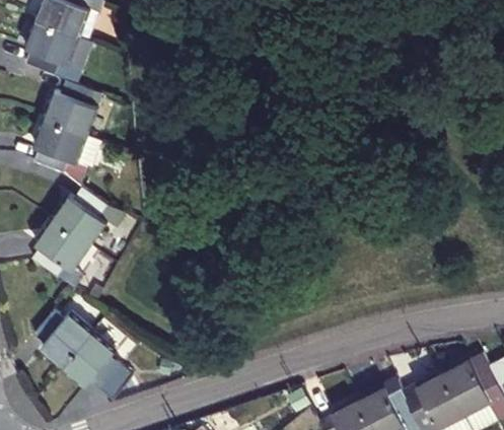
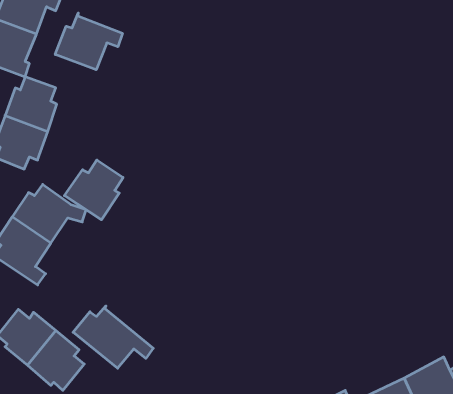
building: none -> [55,13,122,70]
building: none -> [64,160,123,220]
building: none -> [73,306,153,368]

